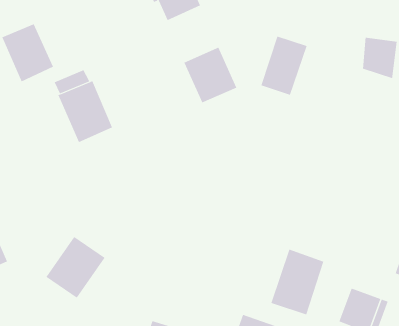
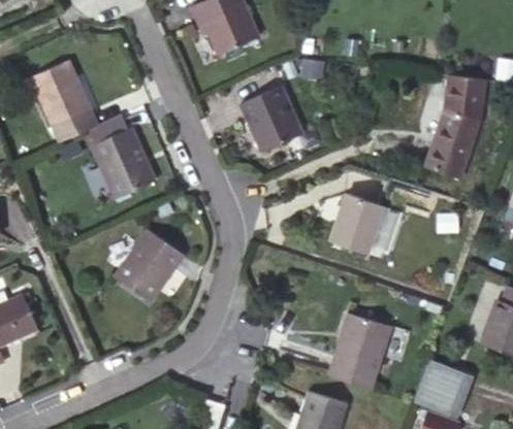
building: [261,36,308,96] -> [424,111,478,179]
building: none -> [329,194,383,254]
building: [46,236,105,298] -> [118,228,186,299]

